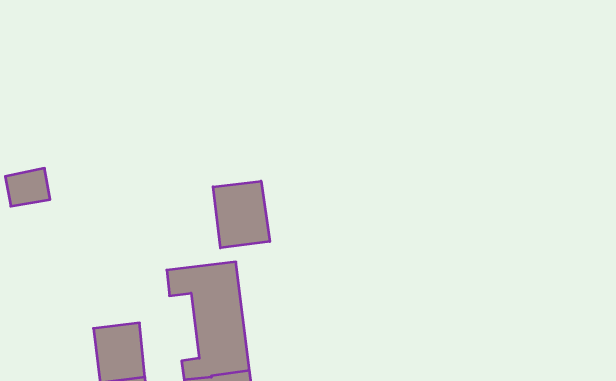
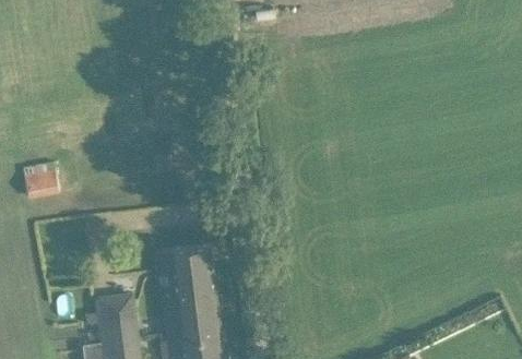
building: [213,181,270,248] -> none

